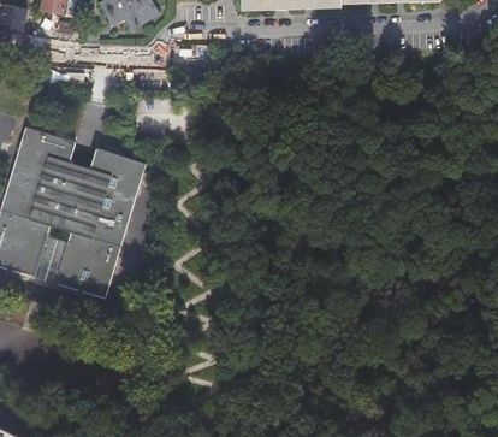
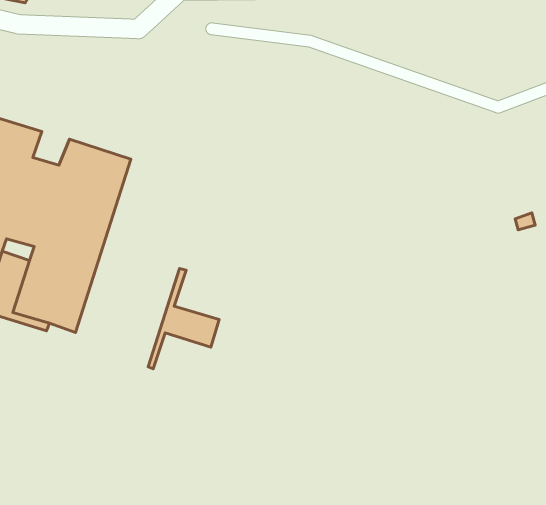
building: none -> [148,269,219,369]

